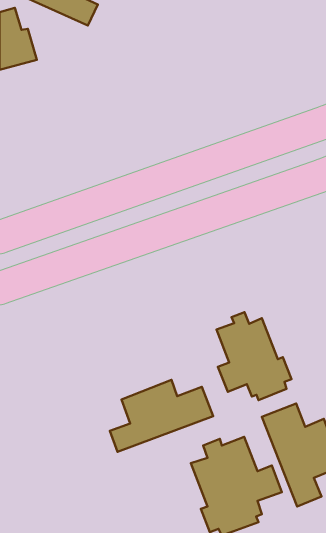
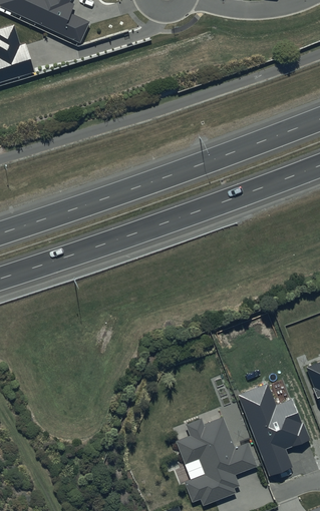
building: [217,312,291,400] -> none
building: [110,380,213,452] -> none

